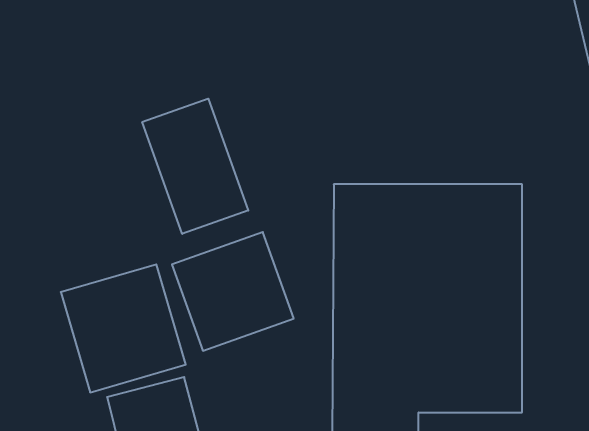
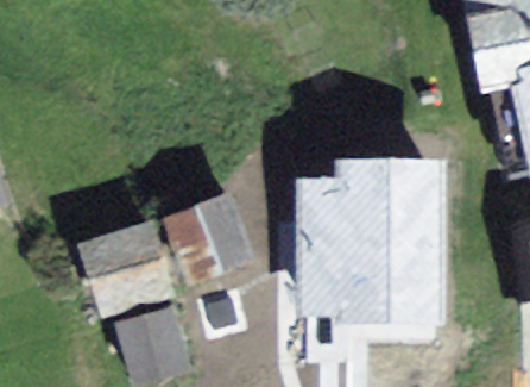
building: [142,99,248,234] -> none

